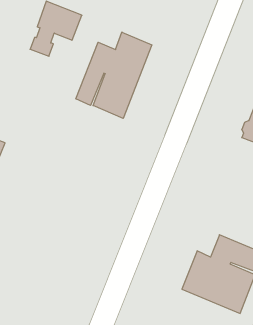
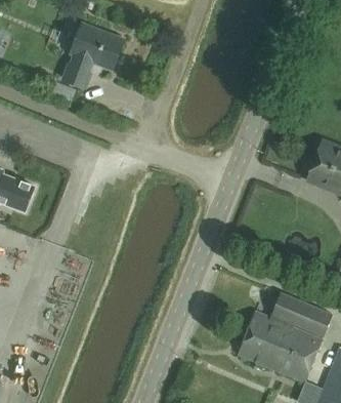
building: [76,32,152,118] -> none

